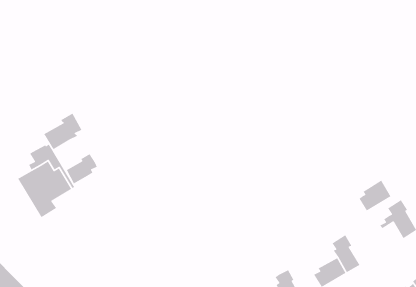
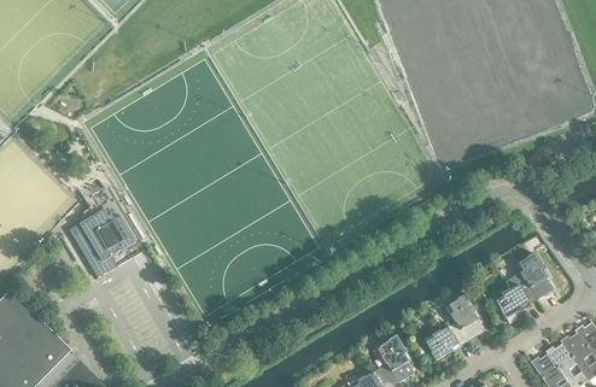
building: [43,112,82,150] -> none
building: [66,153,98,185] -> none
building: [358,180,391,211] -> [495,278,534,317]

